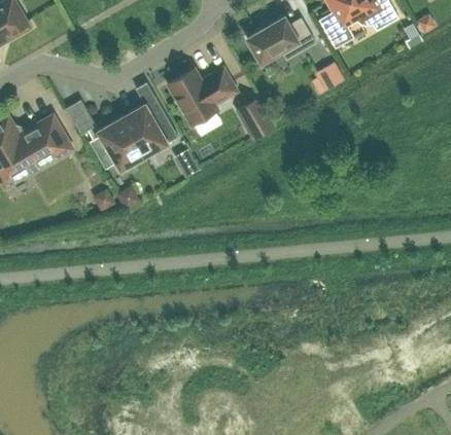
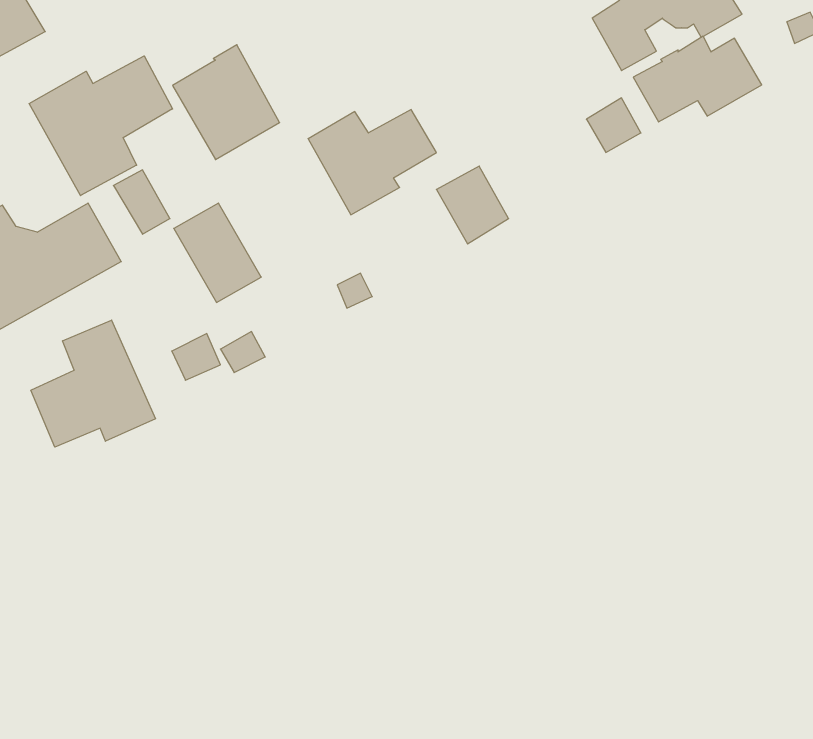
building: [246,15,314,61] -> [633,36,762,122]
building: none -> [29,56,173,196]
building: [120,95,177,155] -> [173,45,280,160]
building: none -> [31,320,155,447]

